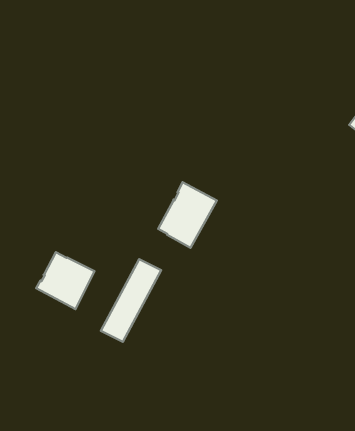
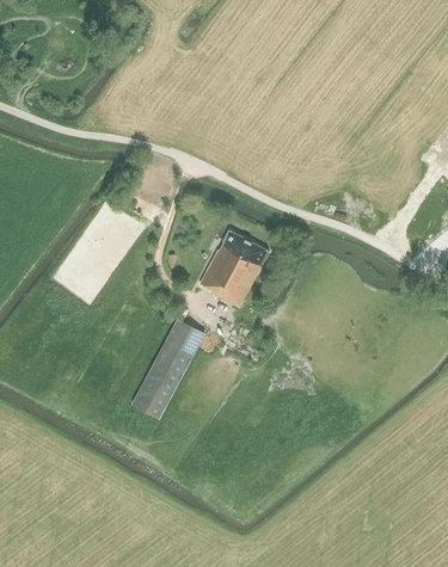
building: [36,252,94,309] -> none

